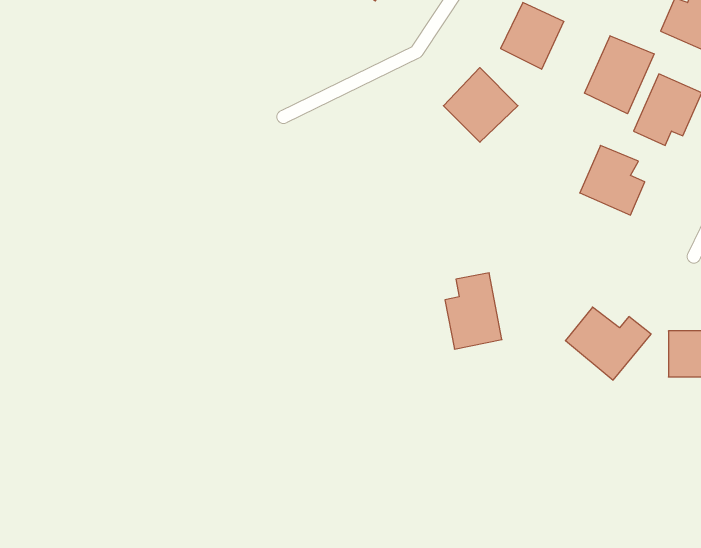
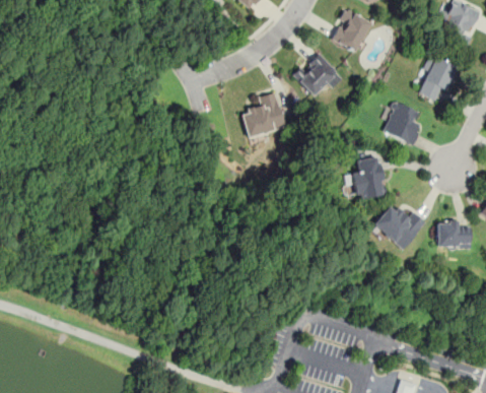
building: [585,36,654,114] -> none
building: none -> [240,90,287,139]
building: [445,273,502,349] -> [351,153,388,202]

